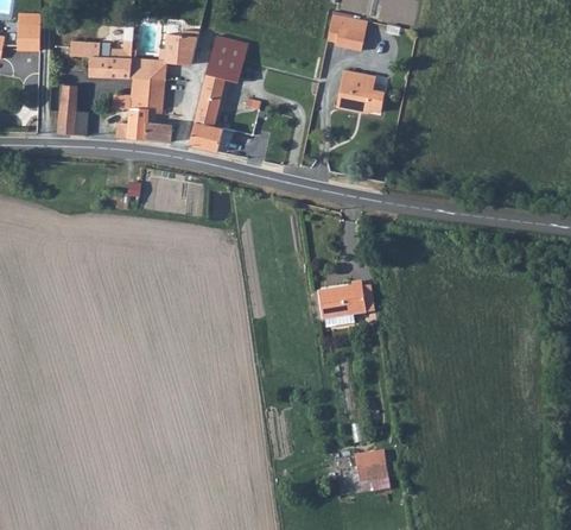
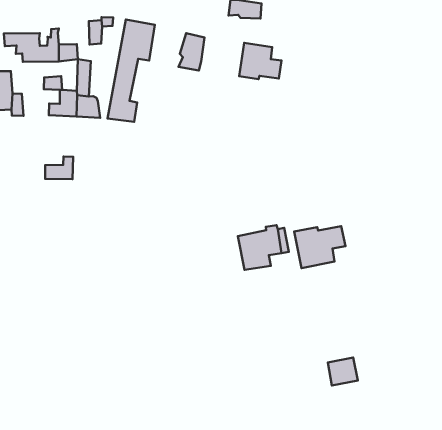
building: none -> [179,33,205,70]
building: [134,76,154,112] -> none
building: none -> [294,226,345,268]
building: [350,449,382,479] -> [328,357,358,385]

